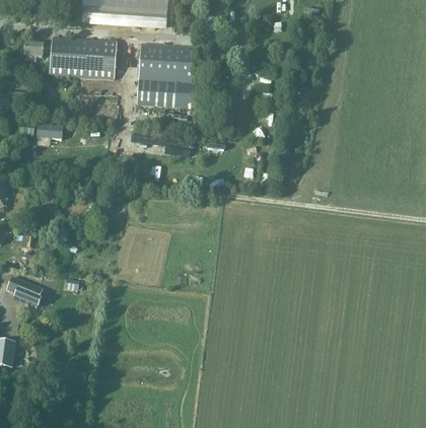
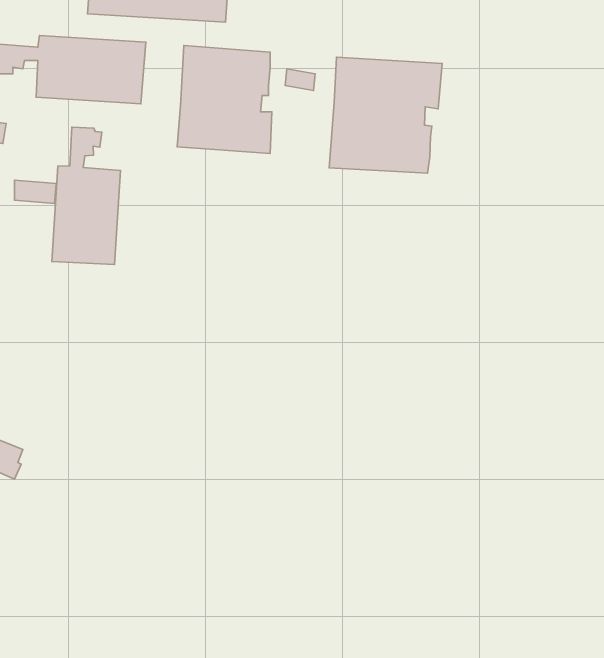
building: none -> [329,57,442,173]
building: none -> [52,127,120,264]

